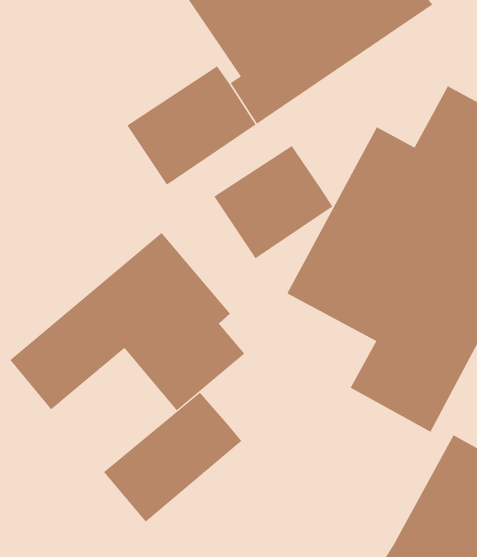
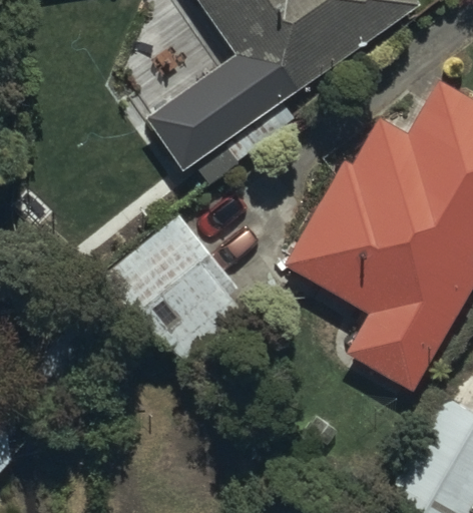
building: [213,145,333,259] -> none
building: [103,392,242,523] -> none

